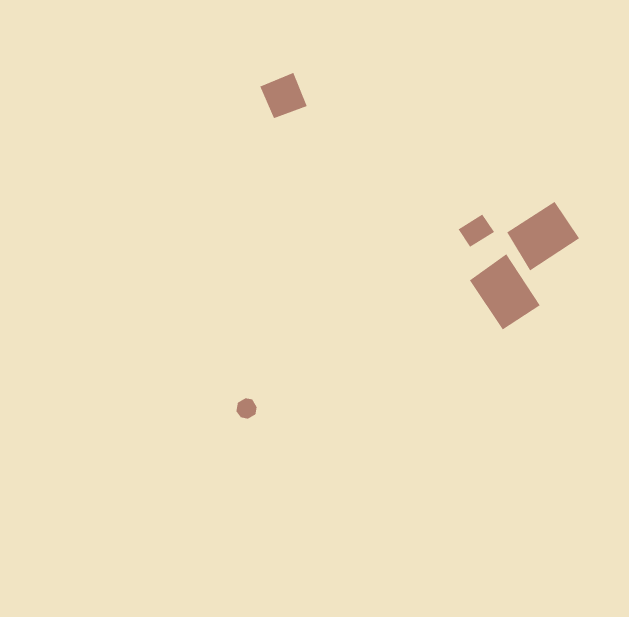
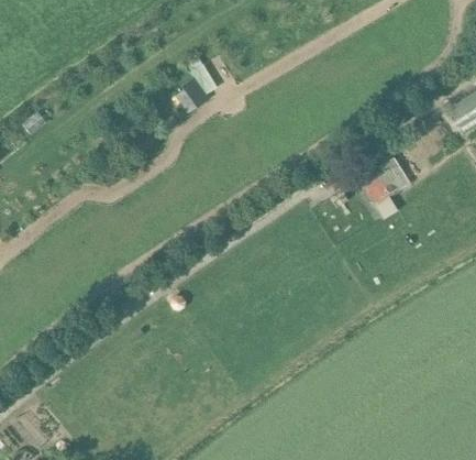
building: [469,253,541,330] -> none

